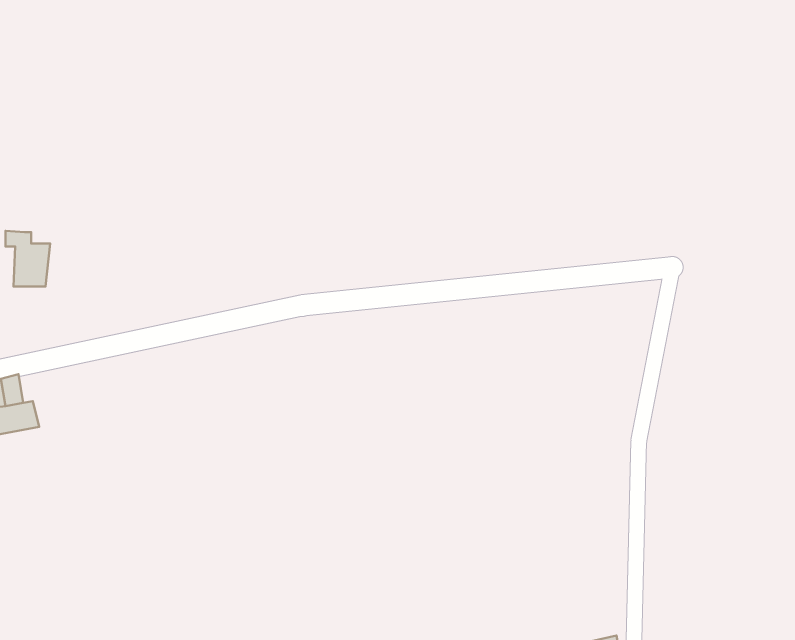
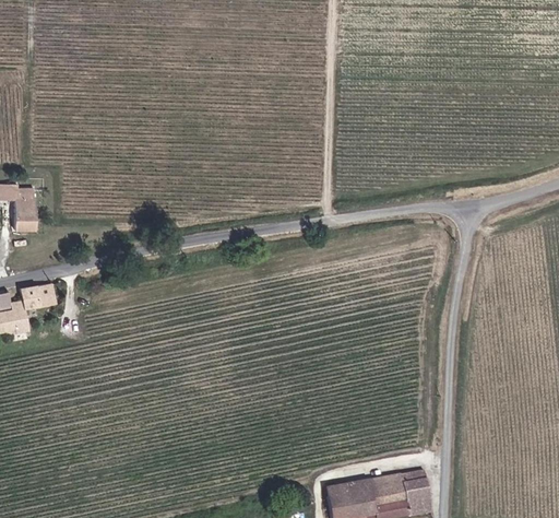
building: none -> [20,282,50,325]

